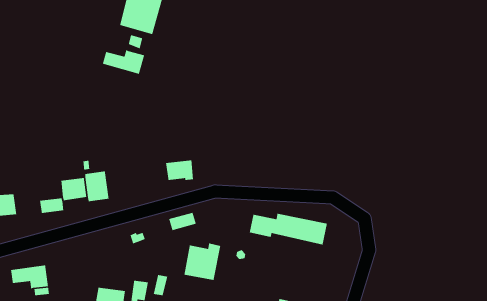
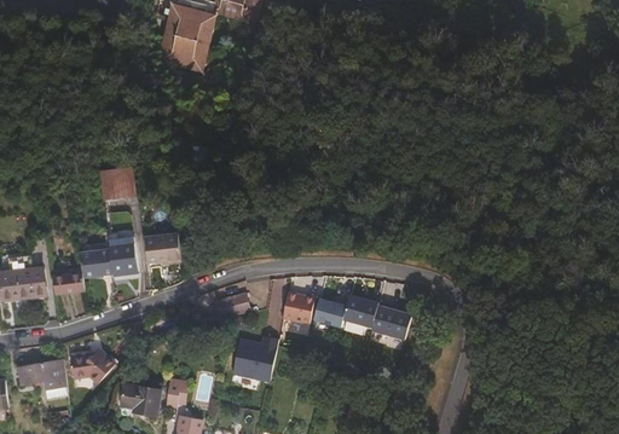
building: [102,49,145,75] -> none
building: none -> [99,166,134,201]
building: [165,160,194,181] -> [140,237,177,264]
building: none -> [21,266,46,295]
building: none -> [285,285,316,319]
building: none -> [68,348,111,381]

